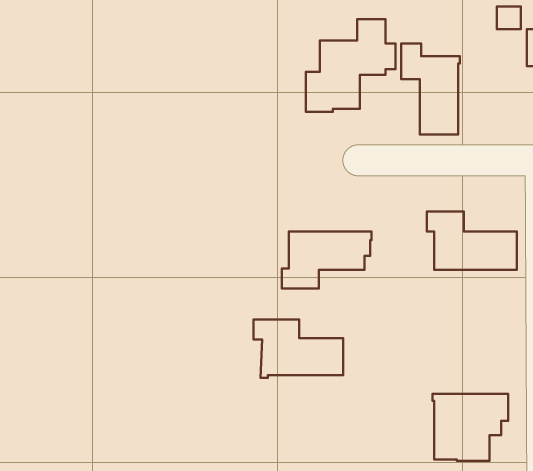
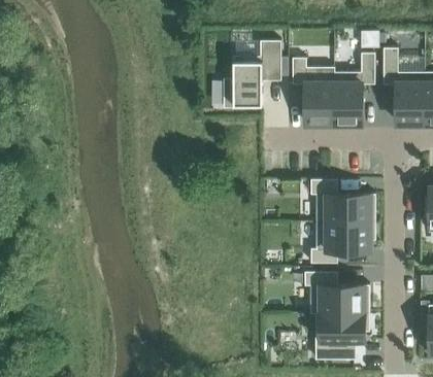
building: none -> [334,54,375,125]
building: [282,232,372,289] -> [311,222,376,264]
building: [253,320,343,378] -> [305,272,370,314]

